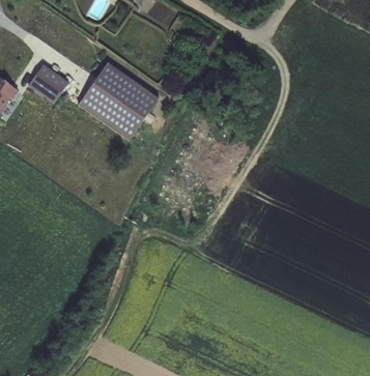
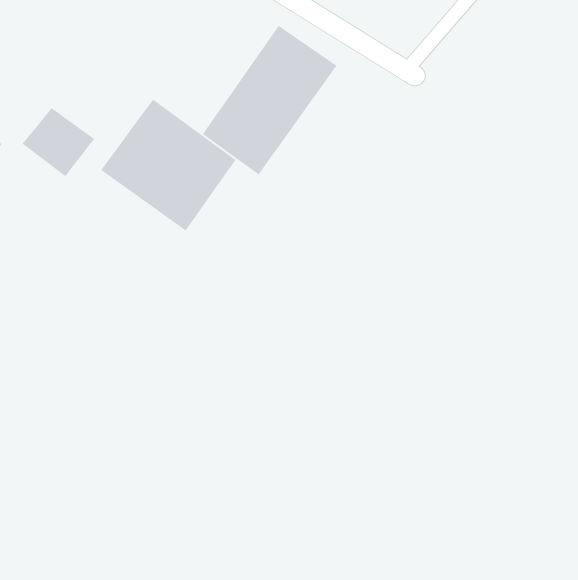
building: none -> [202,25,337,176]

